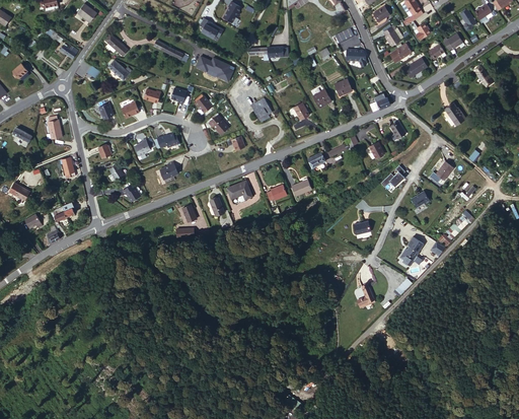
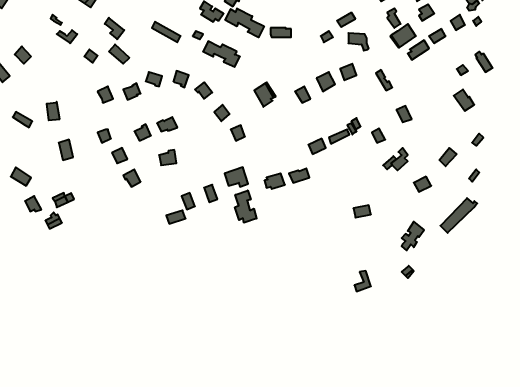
building: none -> [225,8,264,37]
building: none -> [235,190,257,223]

